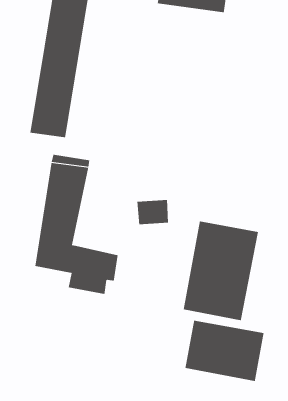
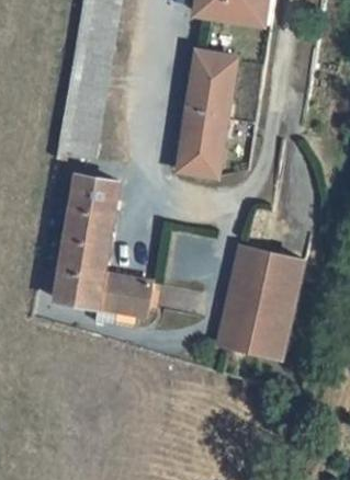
building: none -> [177,53,234,180]
building: [185,320,264,382] -> none

